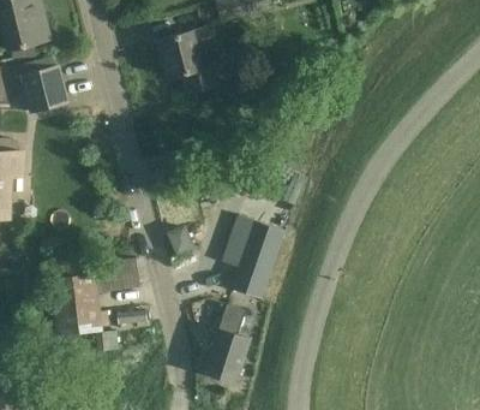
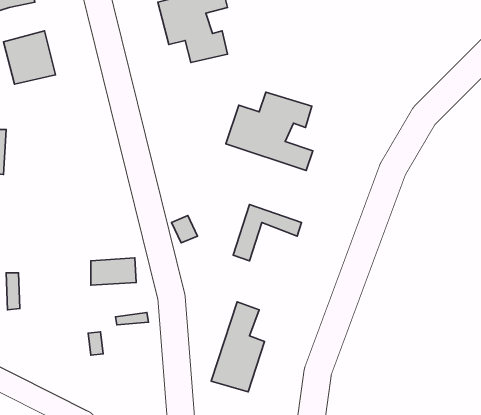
building: none -> [226,92,313,171]
building: [234,232,280,289] -> none
building: [65,267,101,328] -> none

